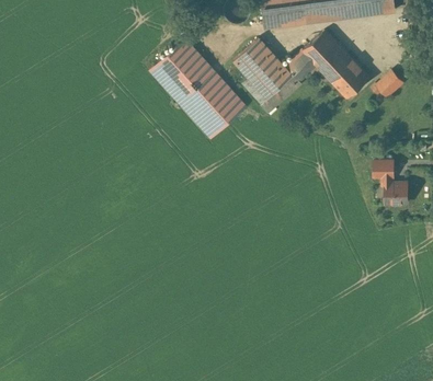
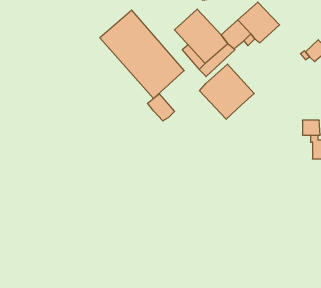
building: [327,56,369,99] -> none
building: none -> [200,64,254,119]
building: none -> [148,94,175,121]

